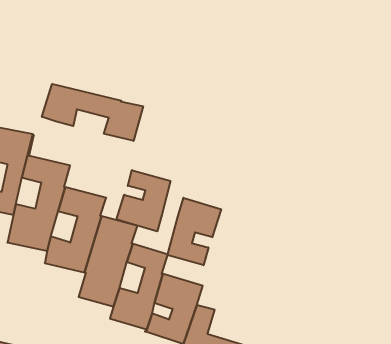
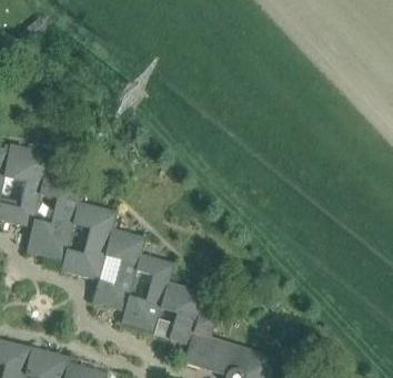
building: [42,84,143,141] -> none
building: [117,170,170,231] -> none
building: [168,198,221,265] -> none

